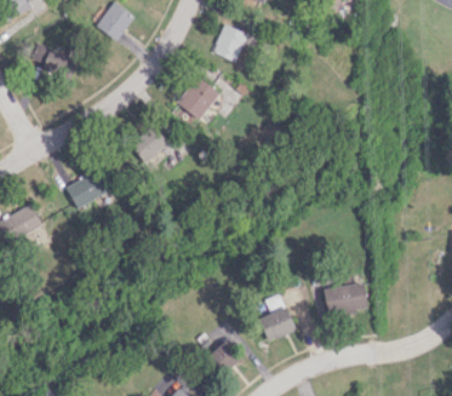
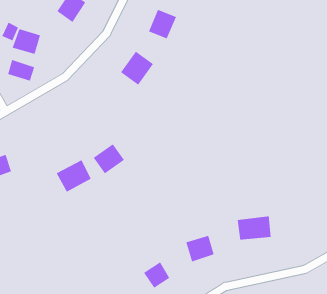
building: none -> [7,59,35,81]
building: [130,125,170,163] -> [93,143,125,174]
building: [64,168,109,210] -> [56,160,92,192]

